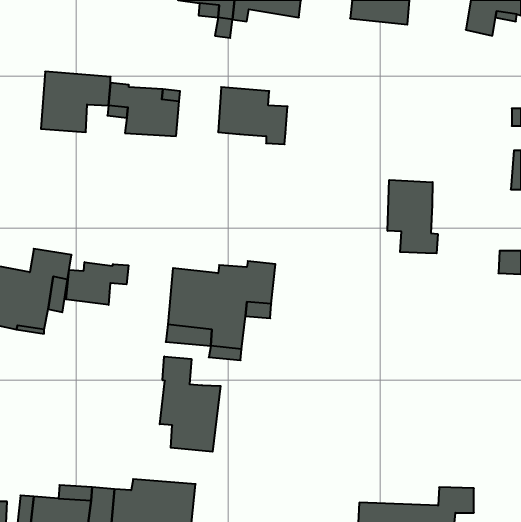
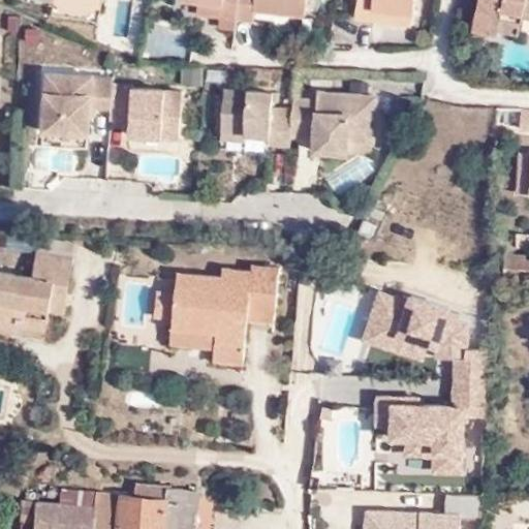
building: none -> [288,92,375,154]
building: [388,180,438,253] -> none
building: [66,262,128,305] -> none
building: none -> [362,291,485,476]
building: [160,356,221,452] -> none

